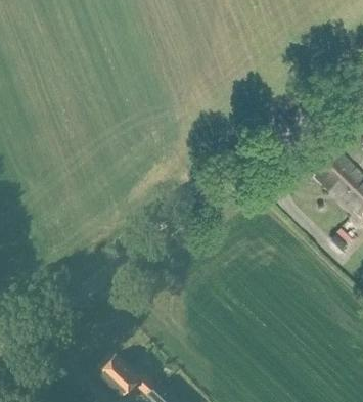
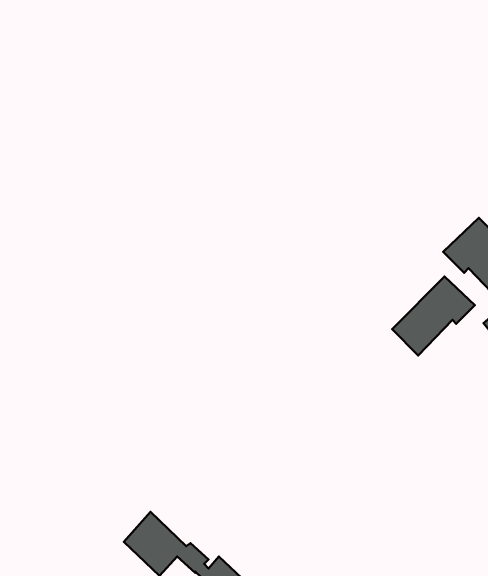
building: none -> [392,277,475,355]

